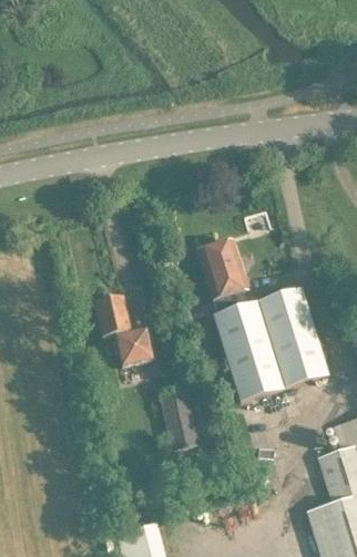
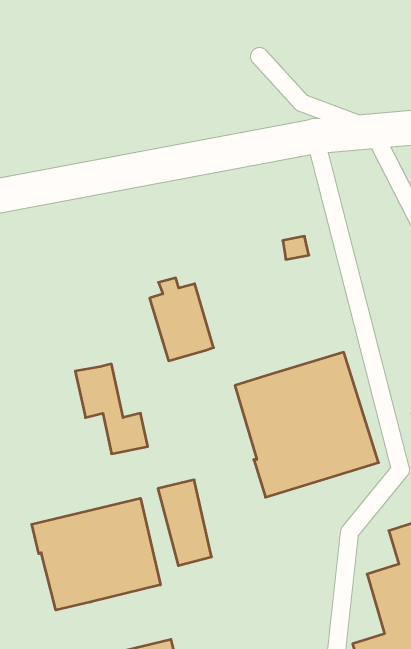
building: [197,238,246,301] -> [150,278,214,361]
building: none -> [32,498,160,610]

